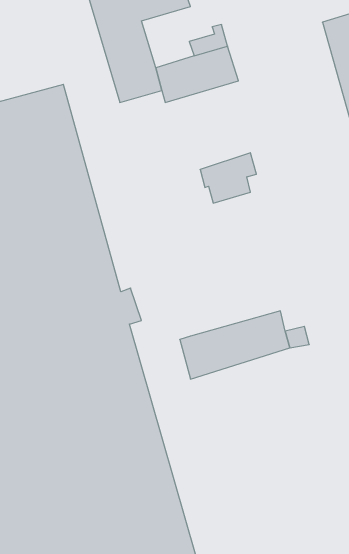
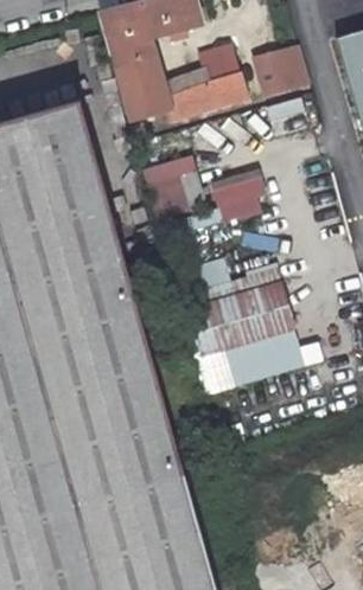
building: none -> [259,49,308,94]
building: none -> [145,152,199,219]
building: none -> [189,276,293,352]

